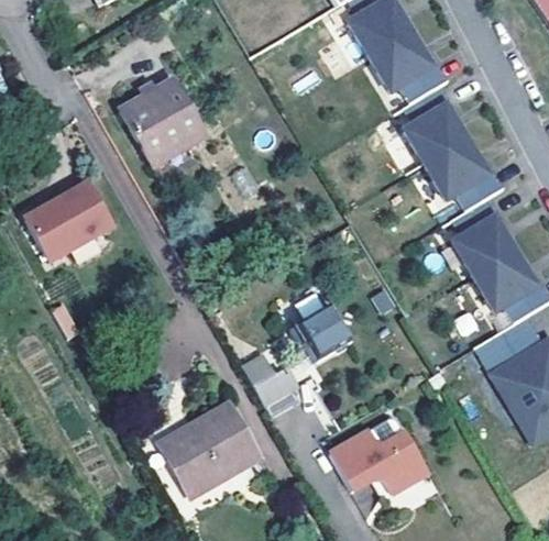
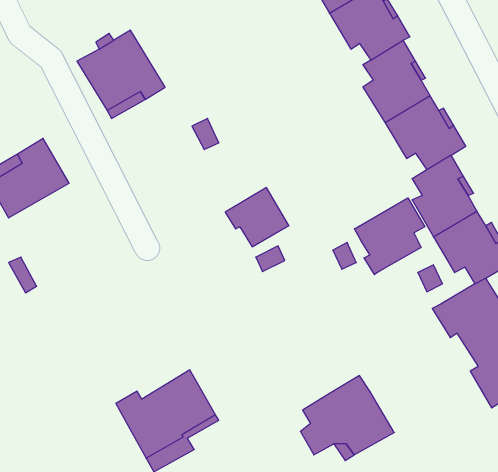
building: none -> [354,198,425,275]
building: [293,302,355,361] -> [225,188,289,247]
building: [244,353,304,417] -> none
building: [146,402,231,468] -> none

